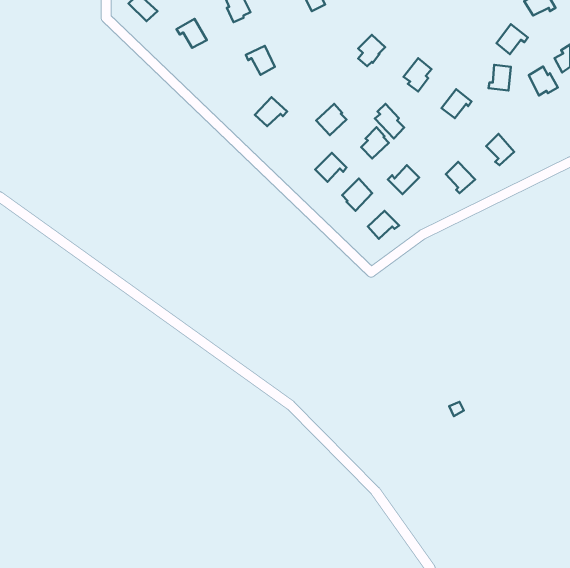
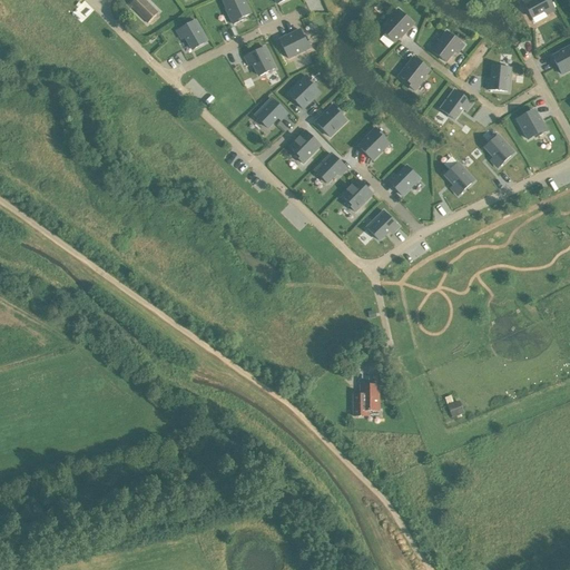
building: [496,24,528,54] -> [434,32,465,62]
building: none -> [278,29,309,57]
building: [358,35,385,66] -> [387,11,414,42]
building: [529,66,558,95] -> [517,109,546,138]
building: none -> [287,75,318,107]
building: [375,104,404,139] -> none
building: none -> [288,130,320,161]
building: none -> [352,384,377,414]

